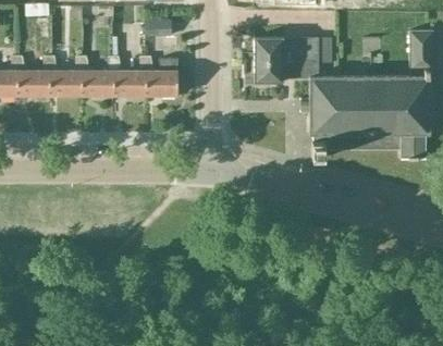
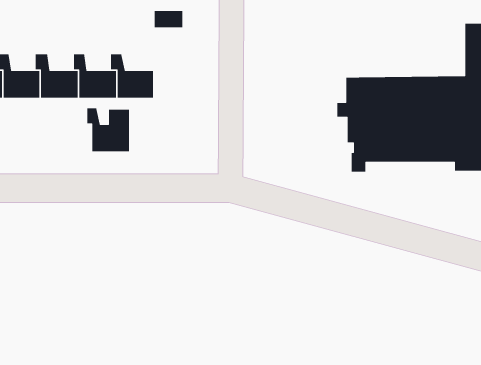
building: [255,38,332,83] -> none
building: [140,58,177,96] -> [86,107,130,152]

